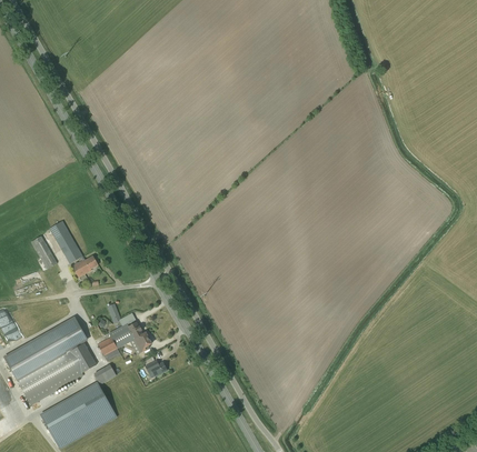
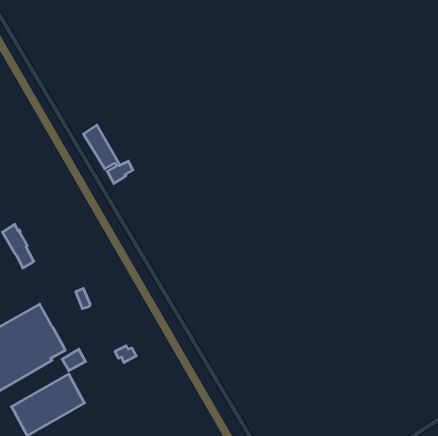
building: [48,219,97,277] -> [83,125,133,184]
building: [97,320,151,353] -> none

